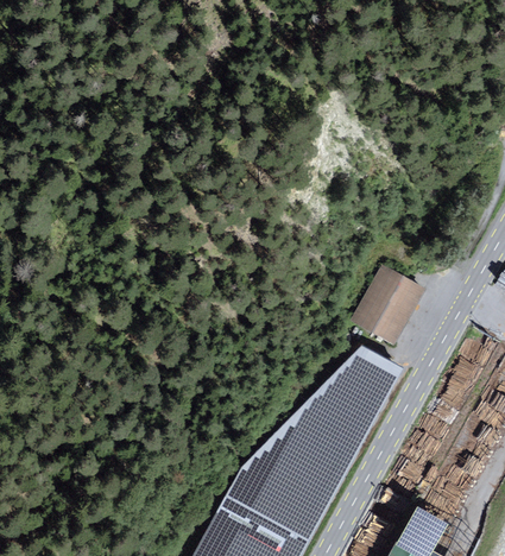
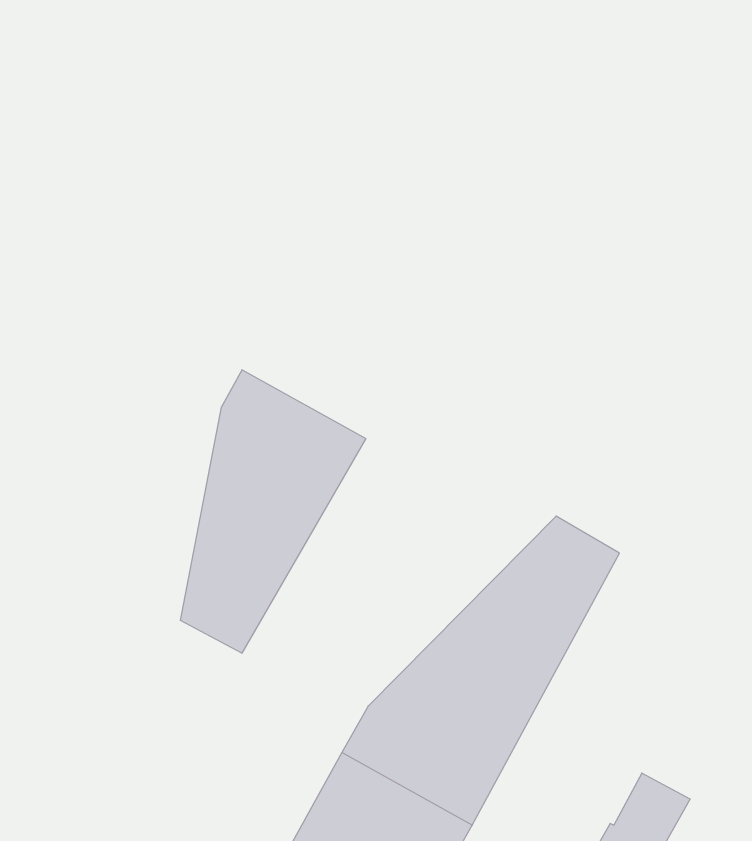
building: none -> [180,370,366,653]
building: [349,264,425,345] -> none

